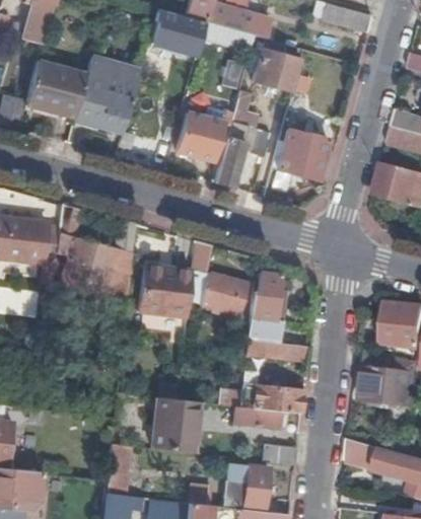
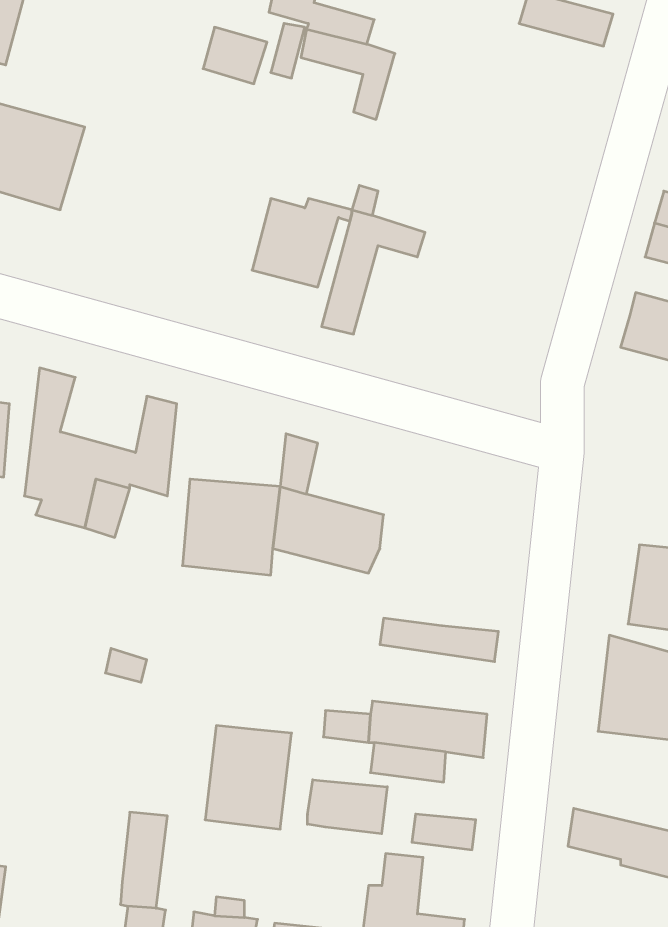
building: [253,49,300,91] -> none
building: [73,59,138,133] -> none
building: [276,127,329,179] -> none
building: [248,274,281,344] -> none
building: none -> [307,780,387,834]

